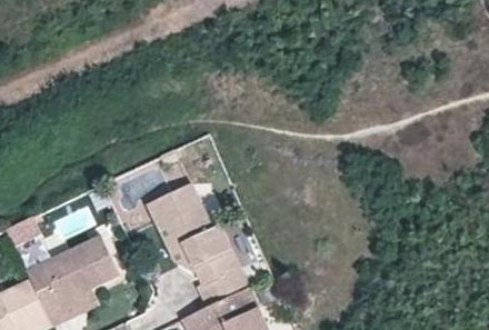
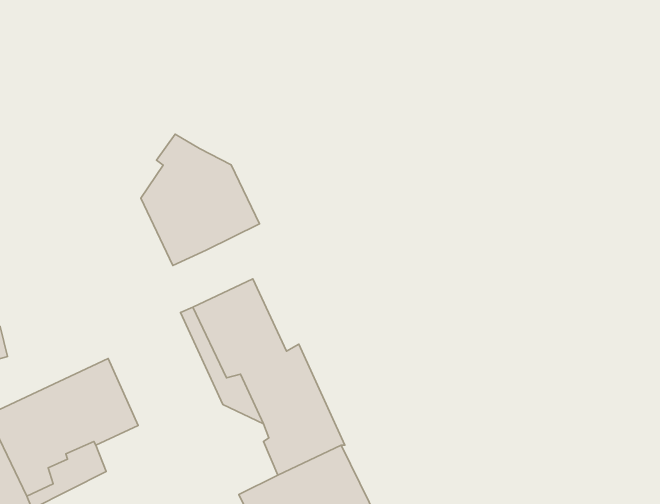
building: none -> [141,134,259,266]

